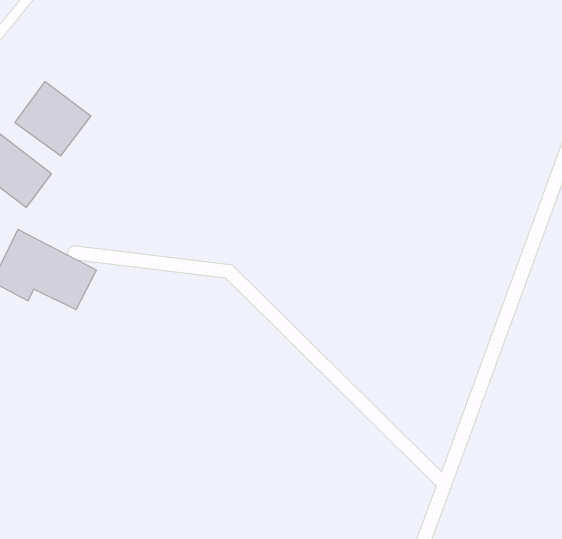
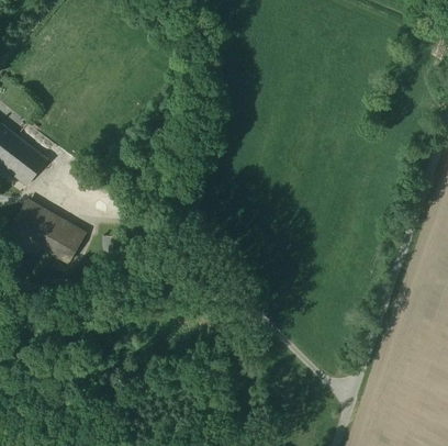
building: [15,82,91,156] -> none

